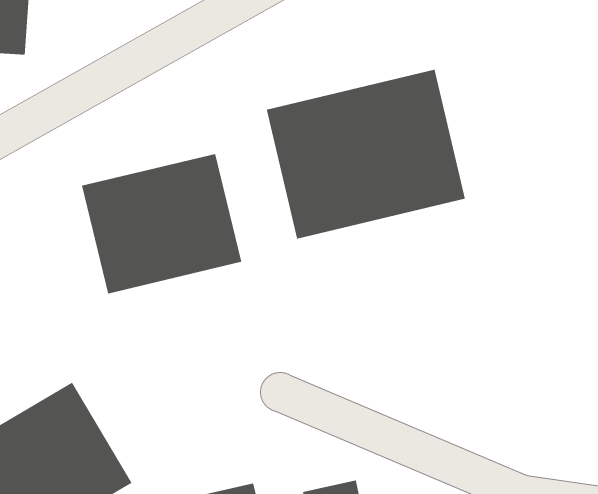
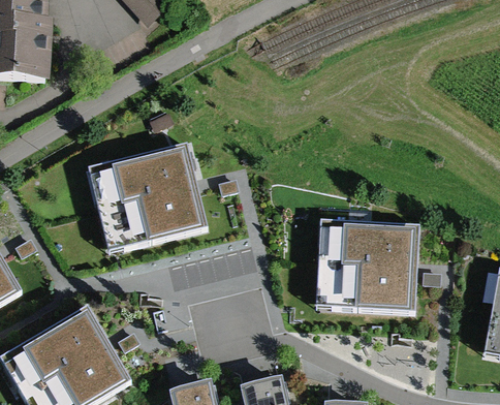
building: [266,69,465,239] -> none
building: none -> [317,219,416,309]

